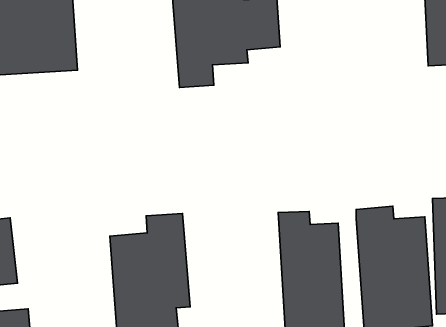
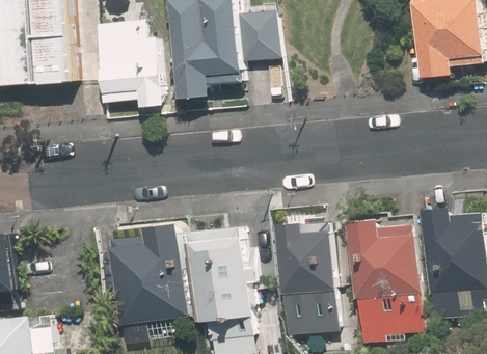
building: none -> [91,22,164,108]
building: none -> [191,228,249,322]

